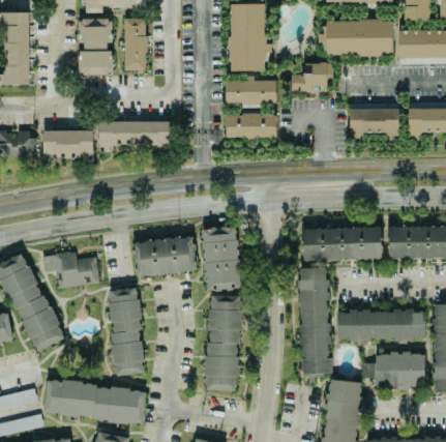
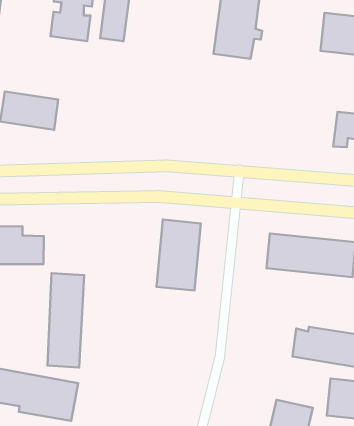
building: [291,63,327,93] -> none
building: [225,80,276,104] -> none
building: [226,115,276,138] -> none
building: [98,121,171,152] -> none
building: [132,236,198,277] -> none
building: [300,268,330,377] -> none
building: [207,296,239,391] -> none

